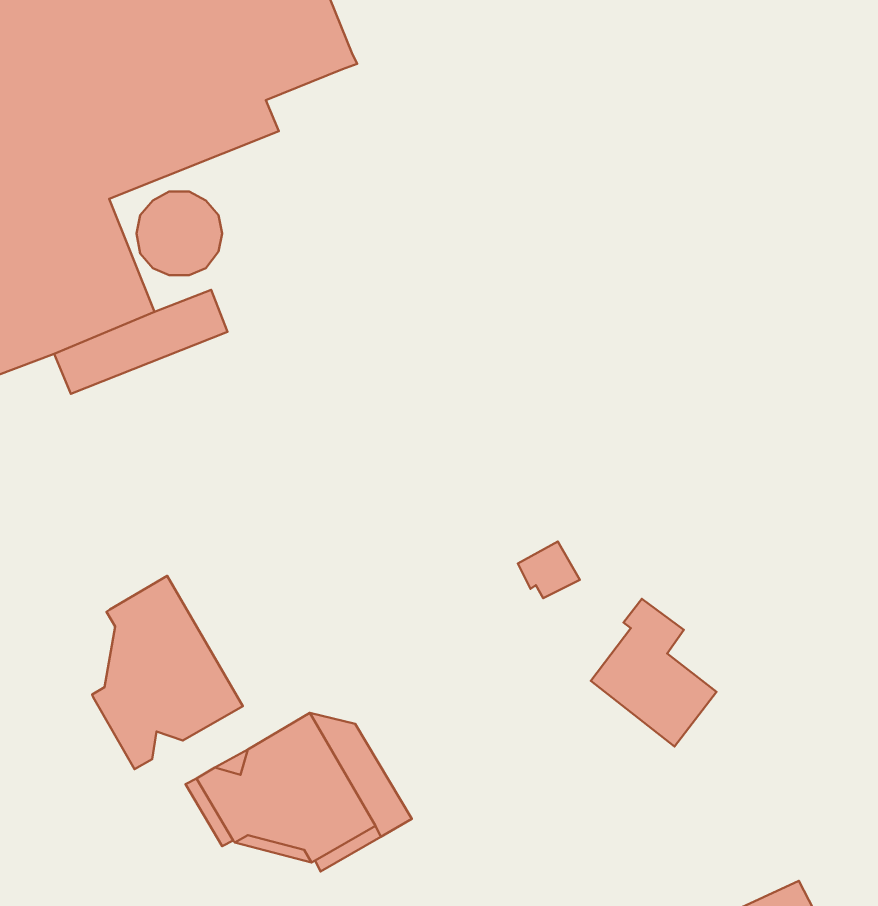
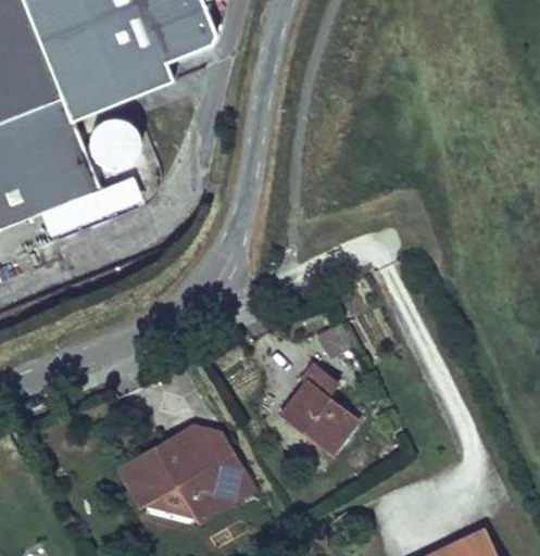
building: [92,576,243,769] -> none
building: [591,599,717,747] -> [281,364,356,452]

